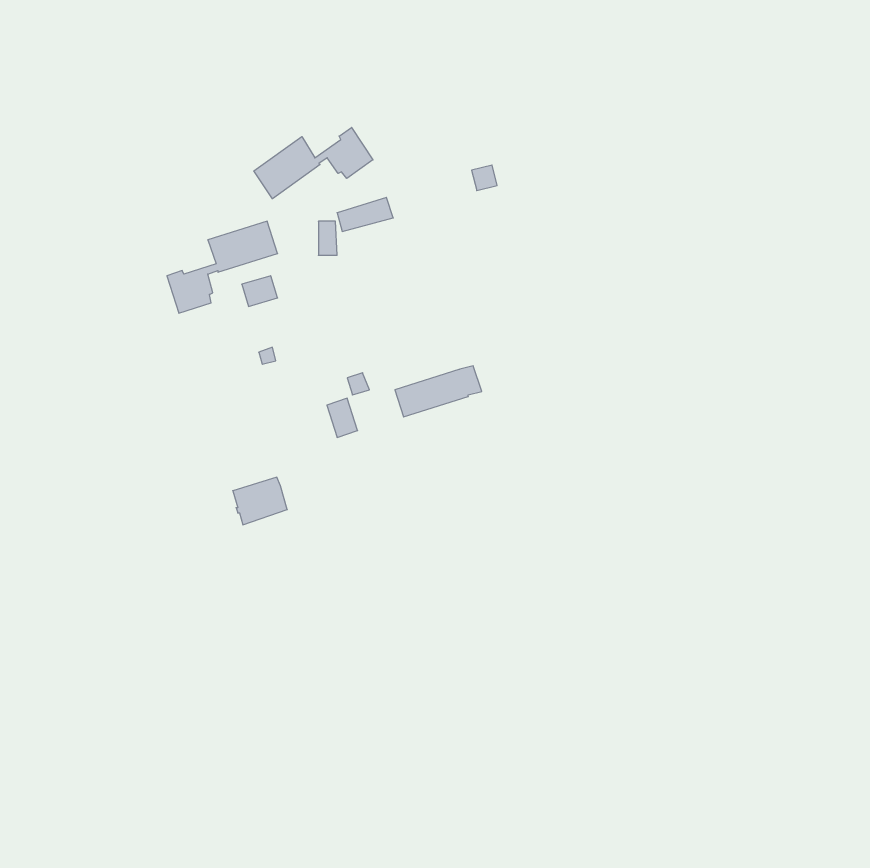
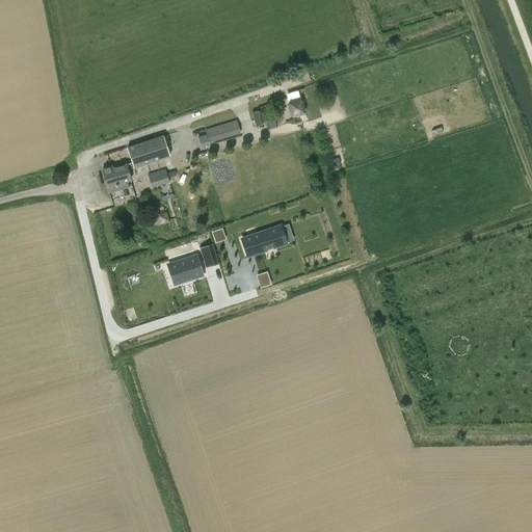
building: [254,127,373,199] -> none
building: [233,477,287,525] -> [168,255,202,284]

